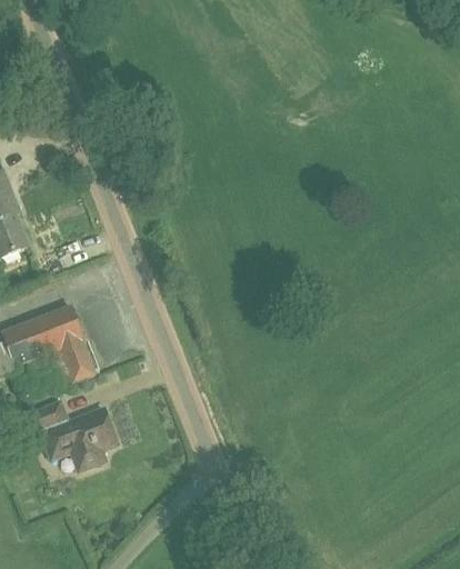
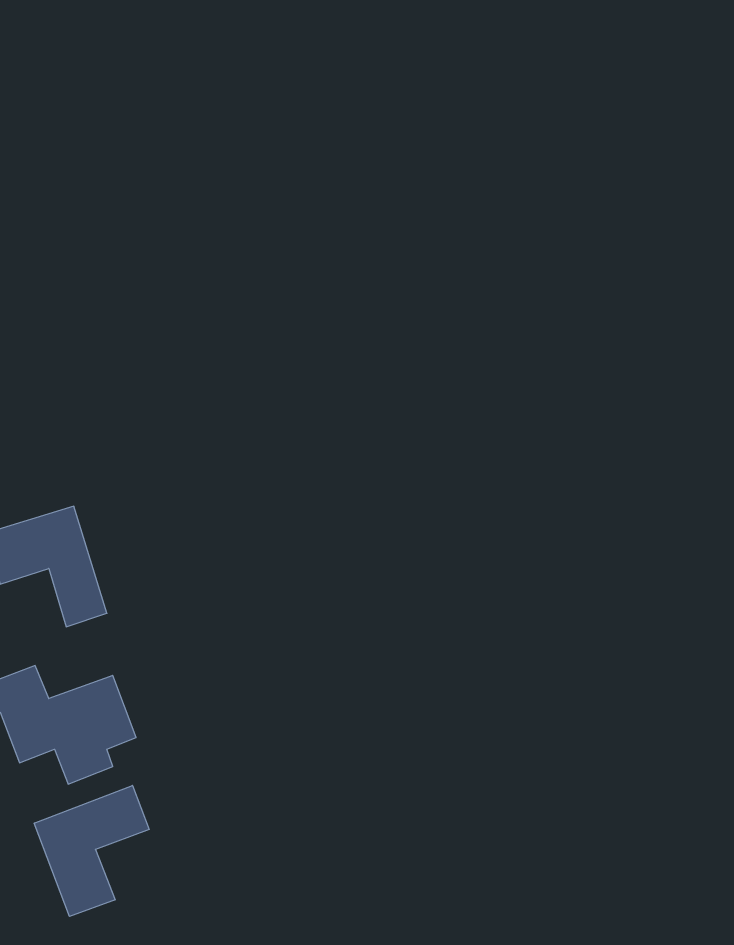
building: none -> [34,785,149,916]

